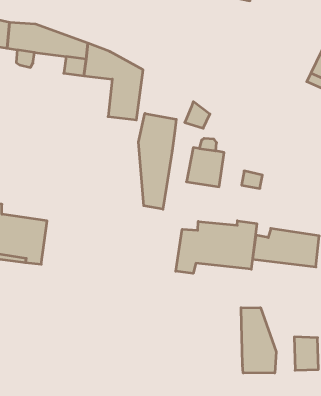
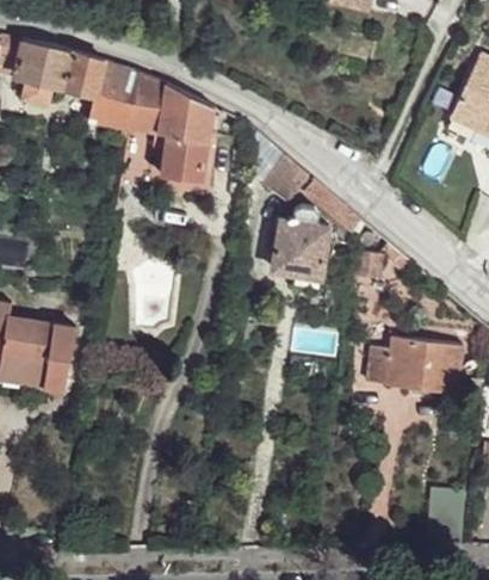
building: [138,113,176,209] -> none
building: [176,221,257,273] -> none
building: [241,308,276,373] -> none

